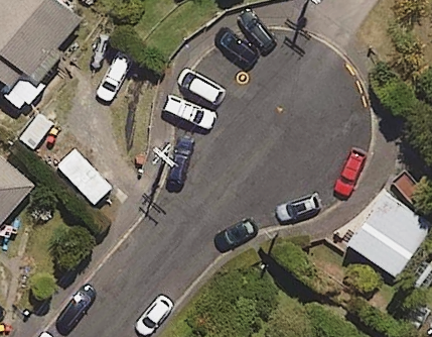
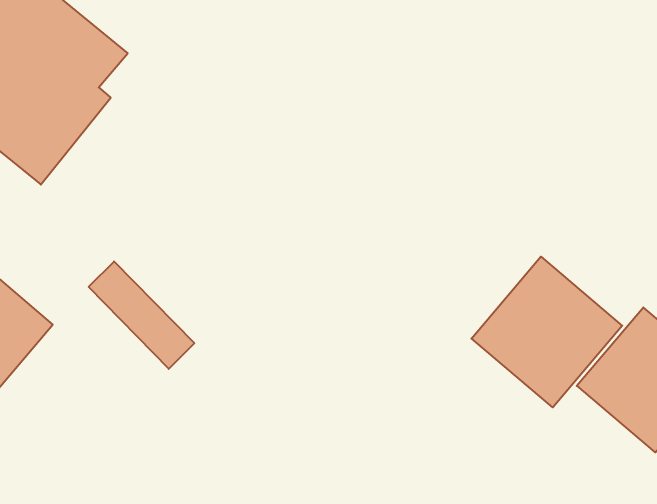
building: none -> [471,257,622,407]

